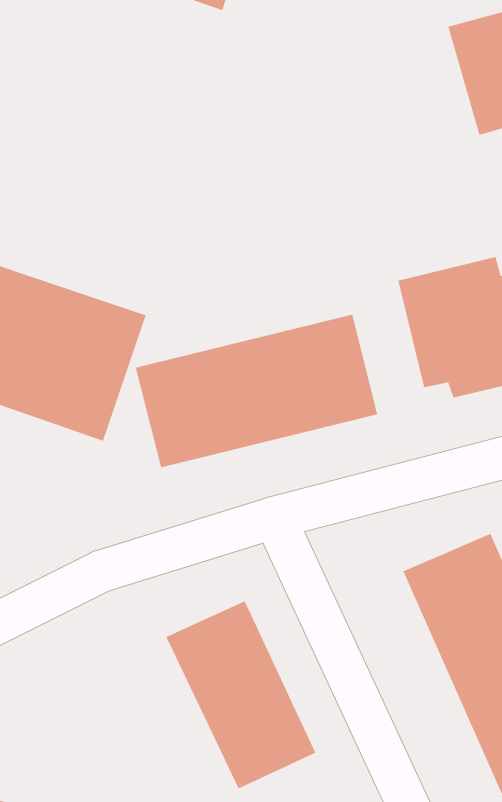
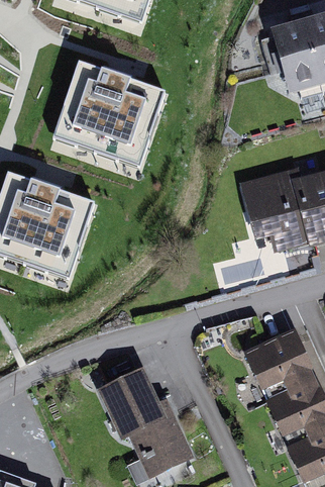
building: none -> [51,60,162,163]
building: [135,314,378,468] -> none

